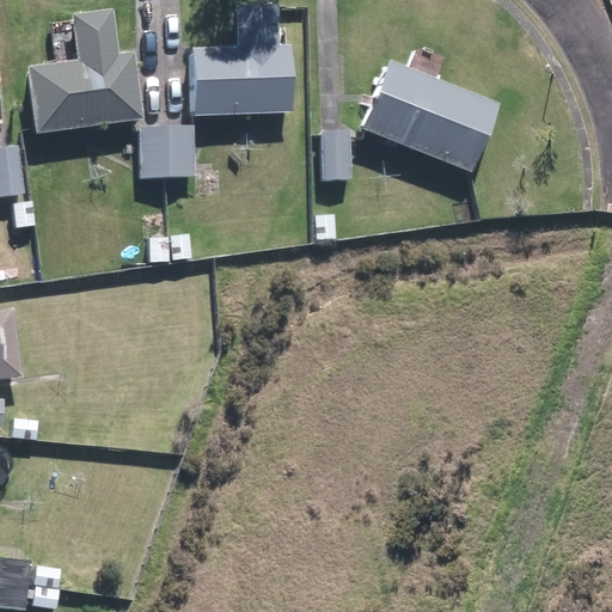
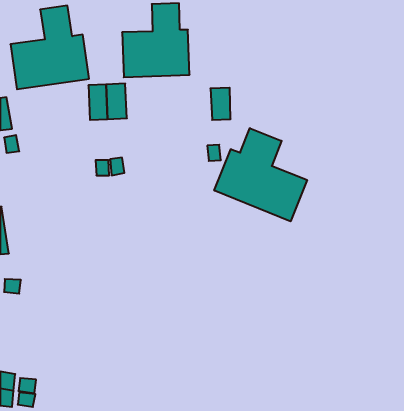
building: [361,60,498,172] -> none
building: none -> [214,128,307,221]

